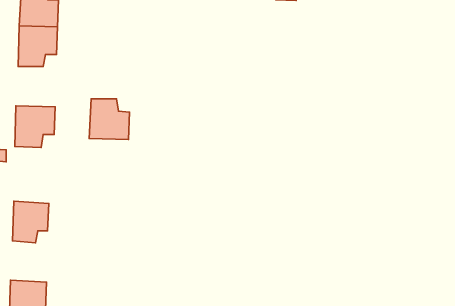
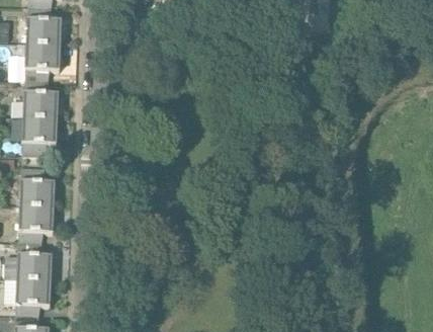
building: [89,99,130,140] -> [22,81,60,118]
building: none -> [20,168,55,207]
building: none -> [17,242,52,280]

